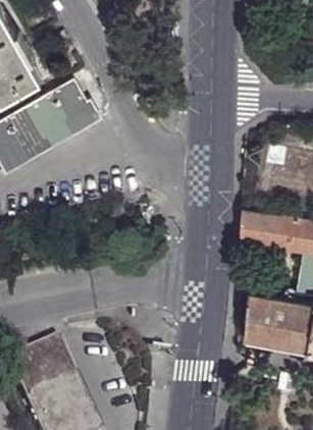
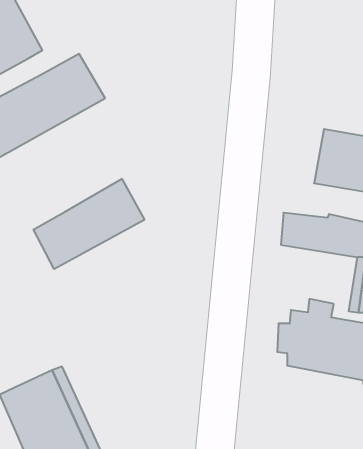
building: none -> [34,179,144,269]

